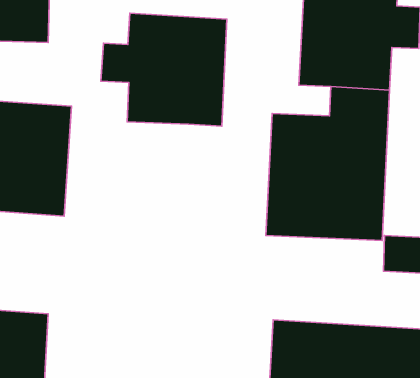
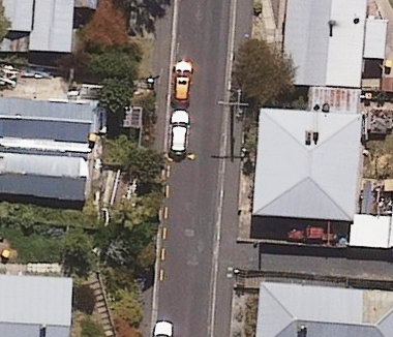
building: [101,13,227,126] -> none

